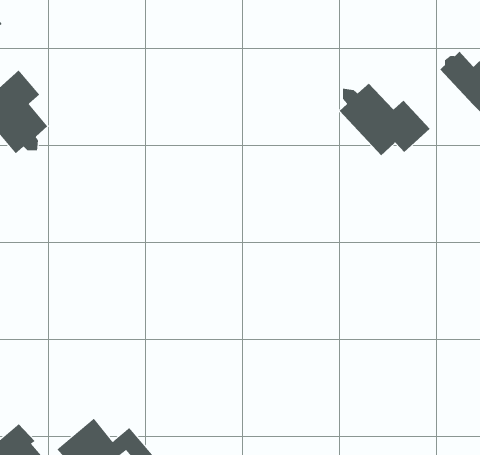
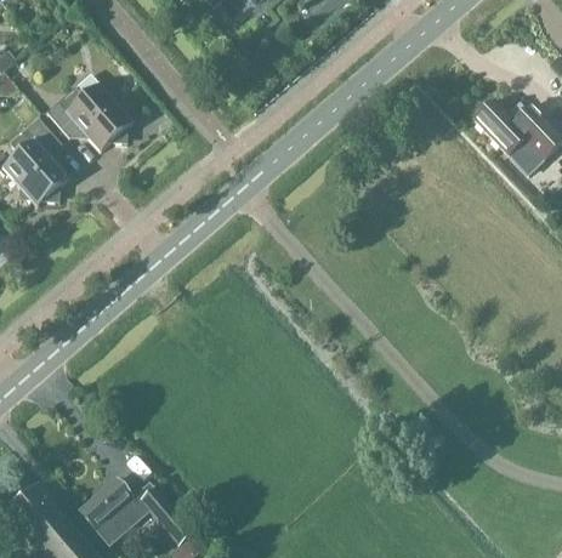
building: none -> [47,73,134,150]
building: [339,83,430,156] -> none

